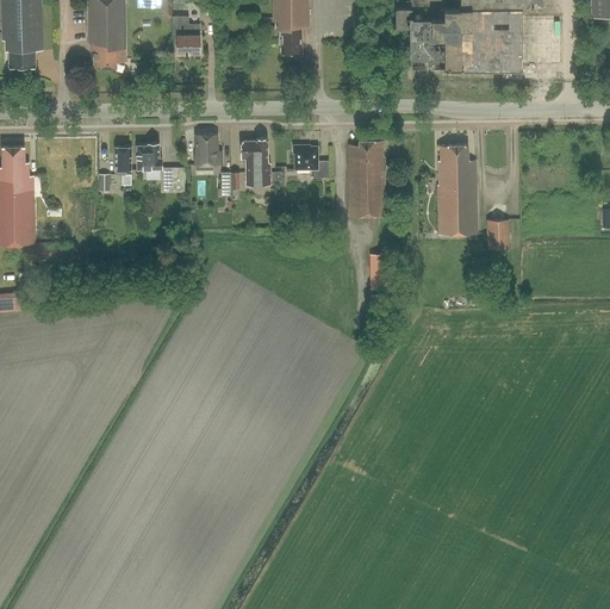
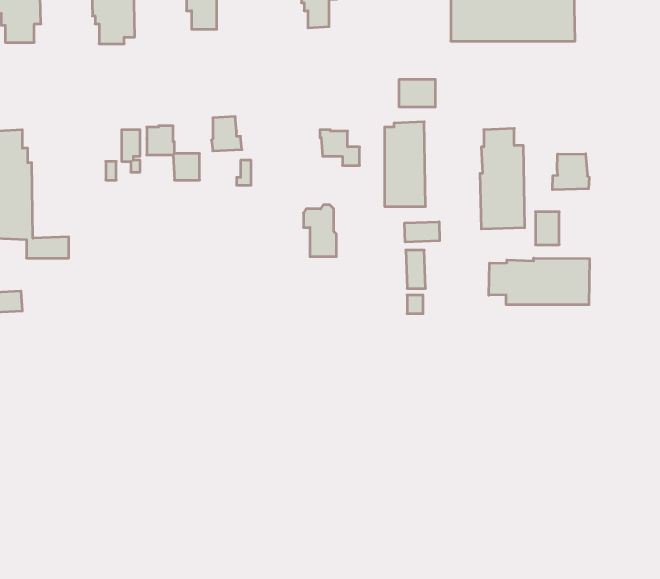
building: none -> [399,79,435,107]
building: [239,137,269,184] -> [303,205,336,257]
building: none -> [552,154,589,190]
building: none -> [405,222,440,242]
building: none -> [489,258,590,305]

